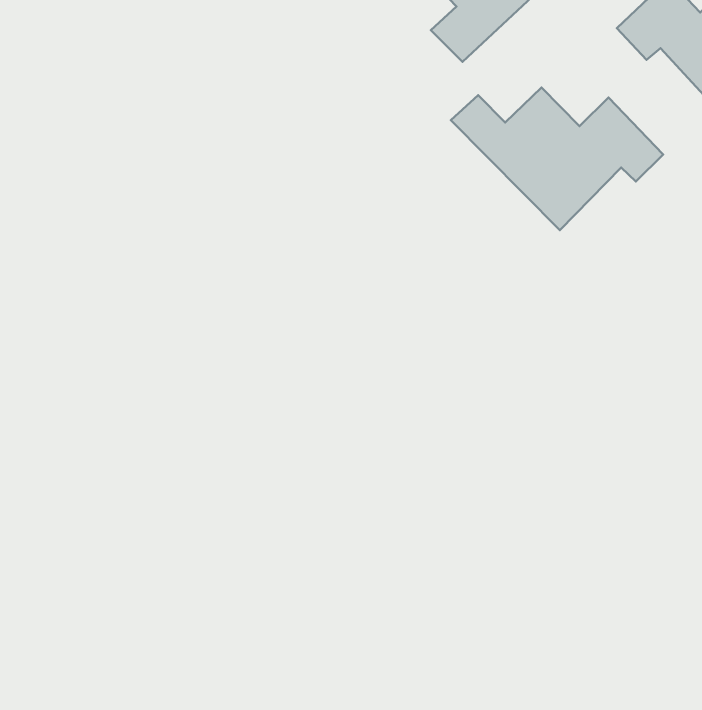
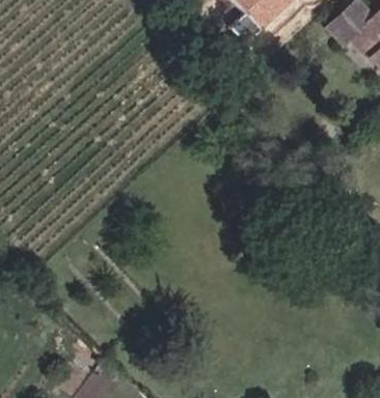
building: [451,87,663,230] -> none

